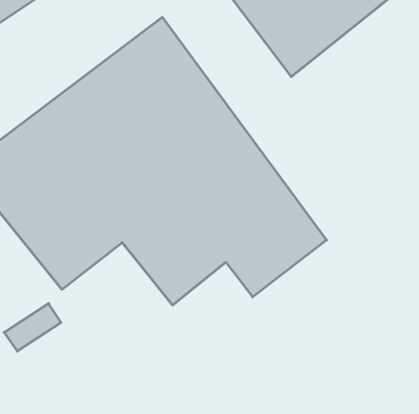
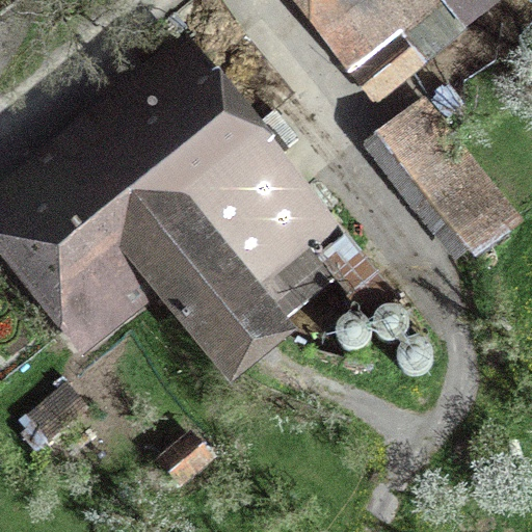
building: none -> [368,96,516,263]

